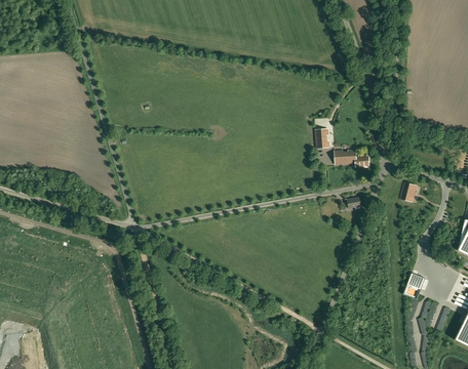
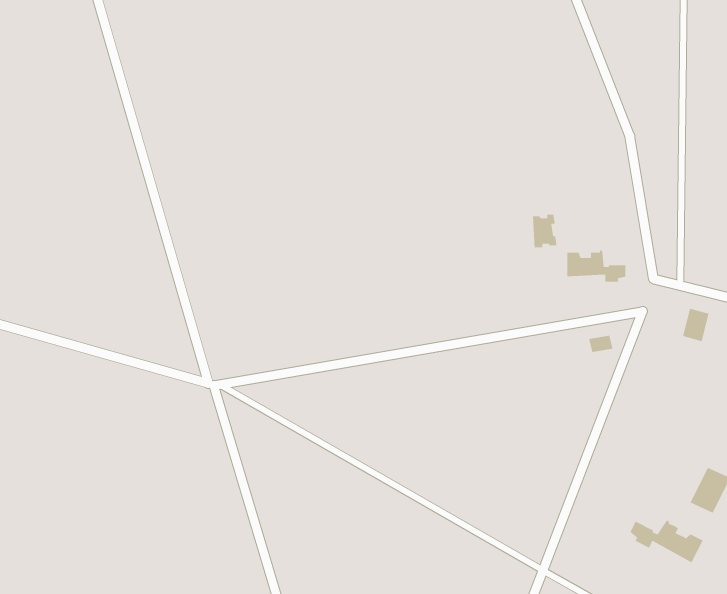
building: none -> [629,519,704,564]

